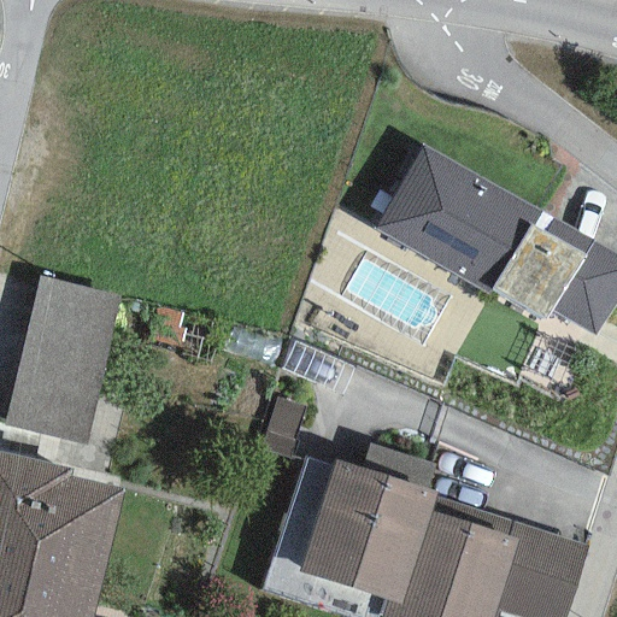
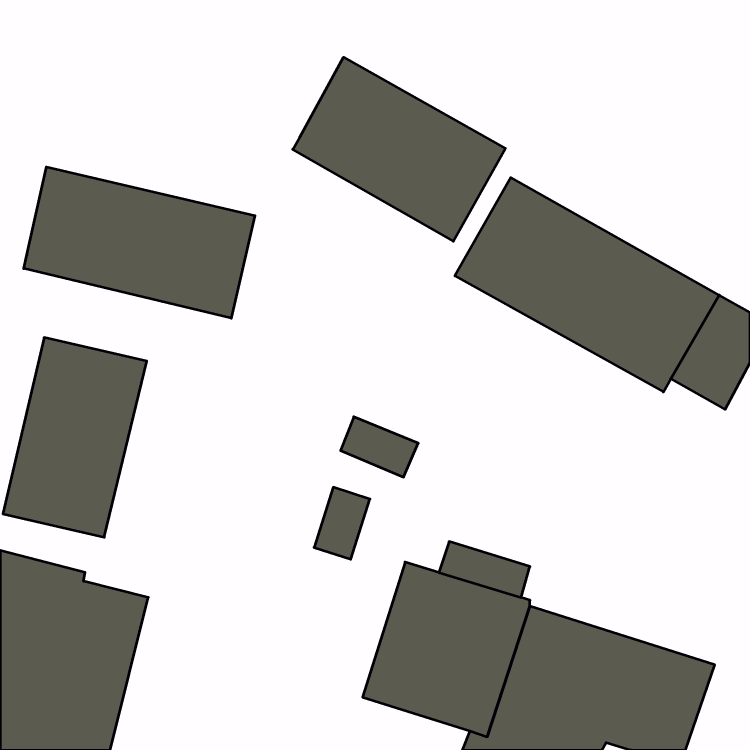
building: none -> [293,57,505,241]
building: none -> [24,167,255,318]

